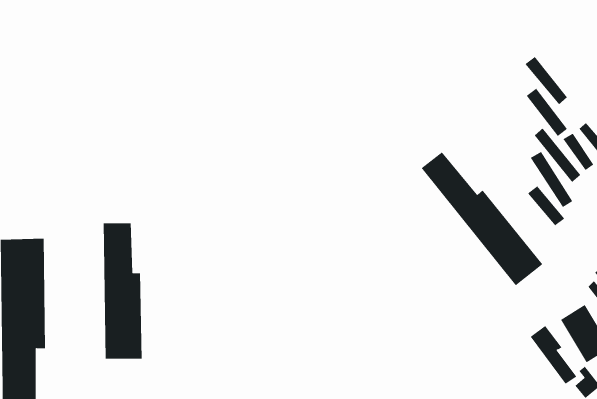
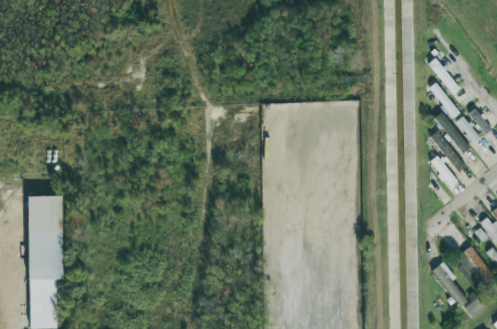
building: [421,152,543,286] -> none
building: [103,223,142,360] -> none

